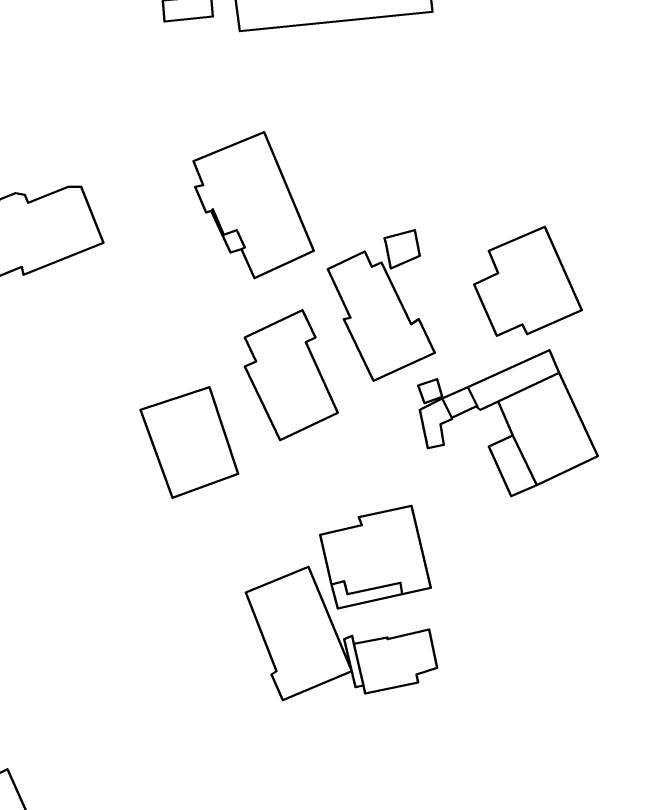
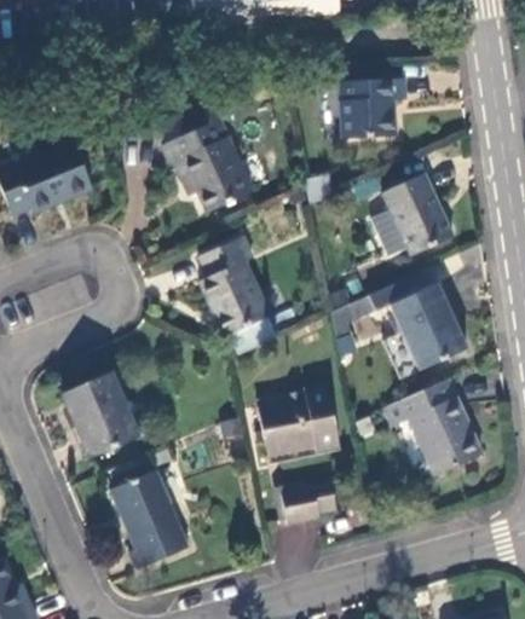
building: none -> [341,77,406,137]
building: [328,252,435,381] -> none
building: [140,387,238,498] -> [67,370,140,453]
building: none -> [406,383,483,478]
building: [246,567,352,700] -> [111,470,191,571]

